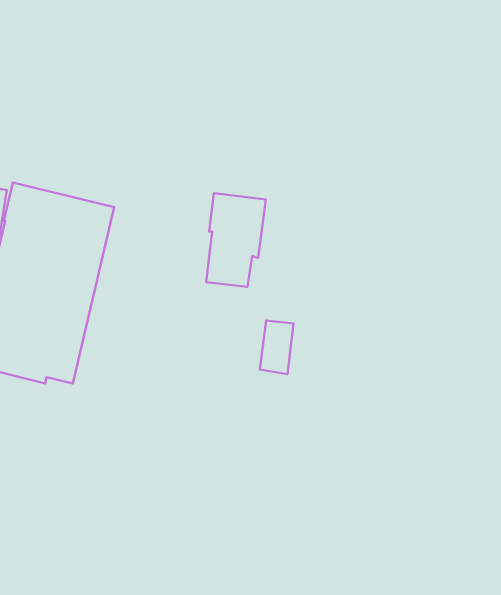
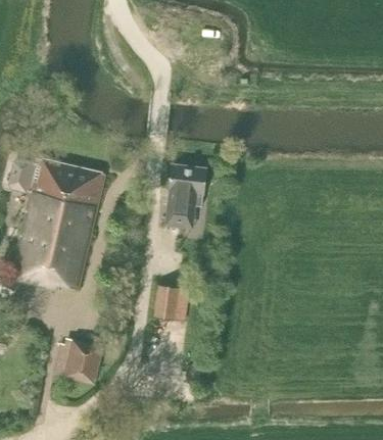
building: [260,320,294,374] -> [154,283,177,319]
building: none -> [63,339,102,385]

